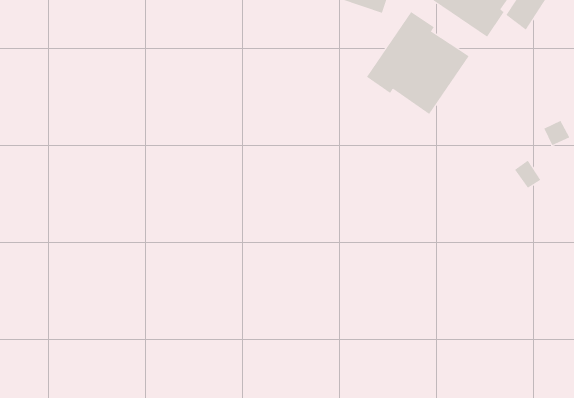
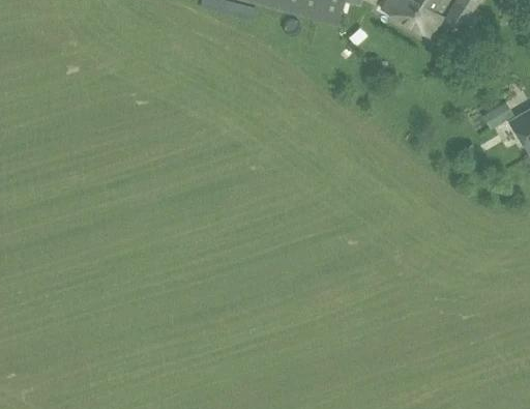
building: [366,11,469,115] -> none

